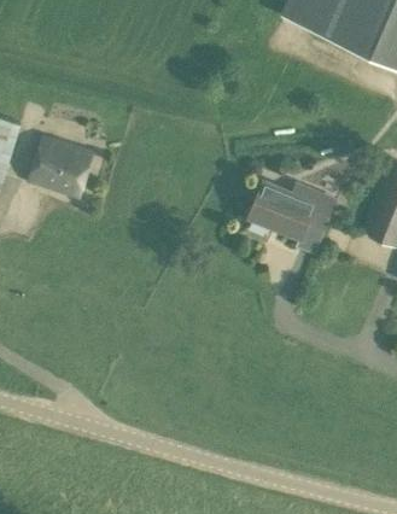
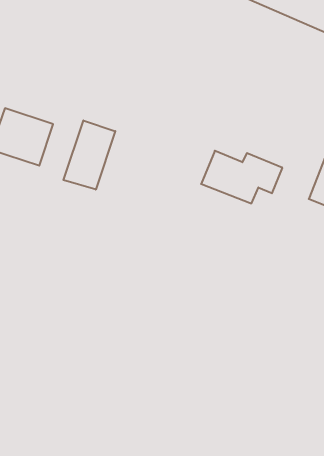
building: none -> [63,120,115,190]

